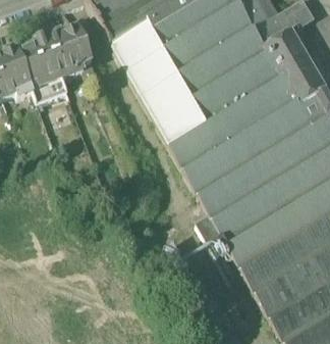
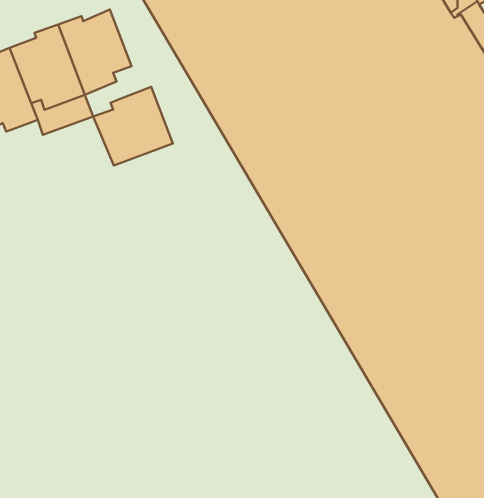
building: none -> [93,87,173,165]

